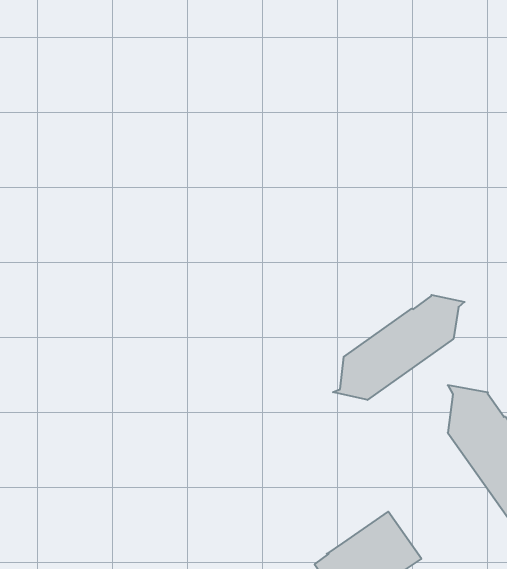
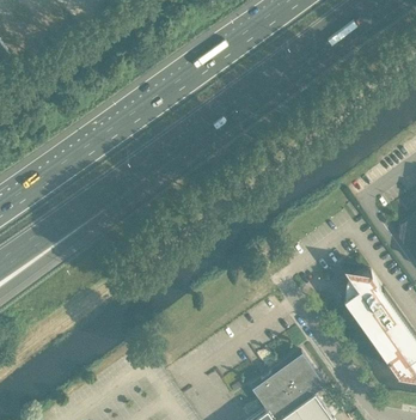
building: [333,295,465,400] -> none

